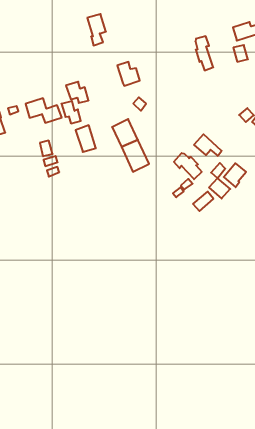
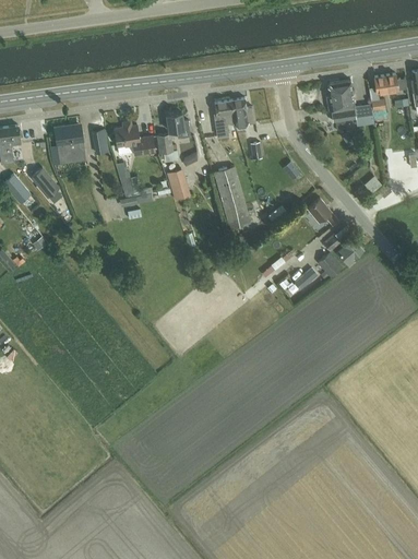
building: [87,14,106,45] -> [214,102,234,138]
building: none -> [339,81,362,121]
building: [174,153,202,179] -> none

